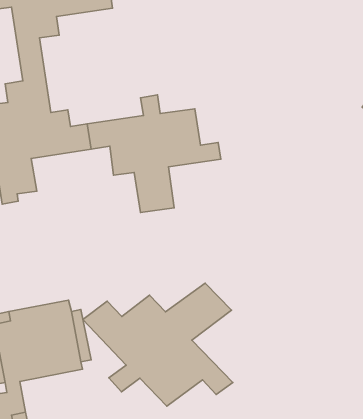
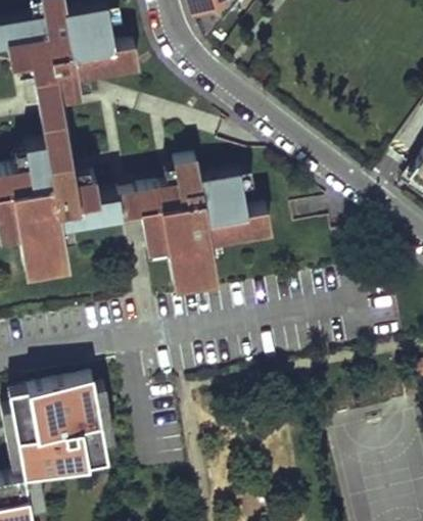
building: [83,283,233,406] -> none

